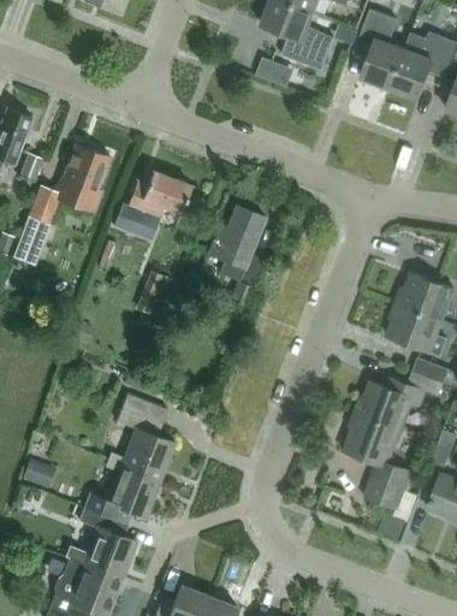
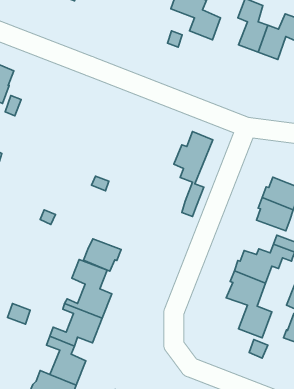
building: [18,142,109,247] -> none
building: [113,171,190,239] -> none
building: [207,205,265,330] -> [174,132,213,217]
building: none -> [84,239,121,271]

